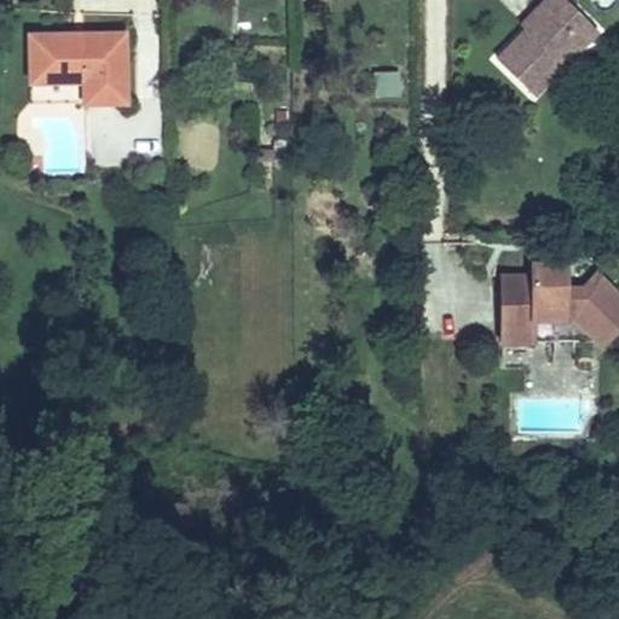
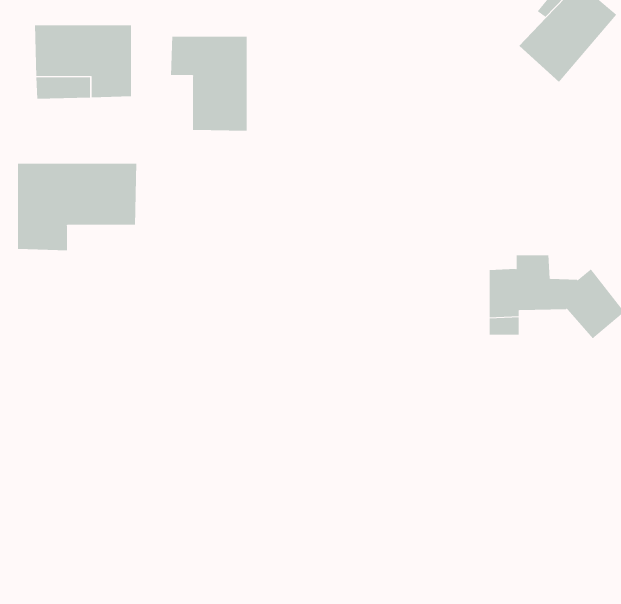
building: none -> [170,36,247,132]
building: none -> [18,163,137,251]

